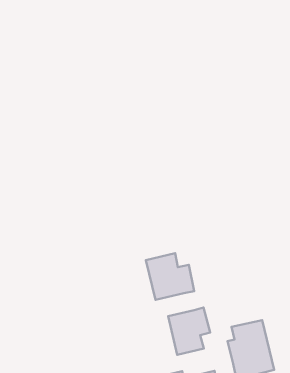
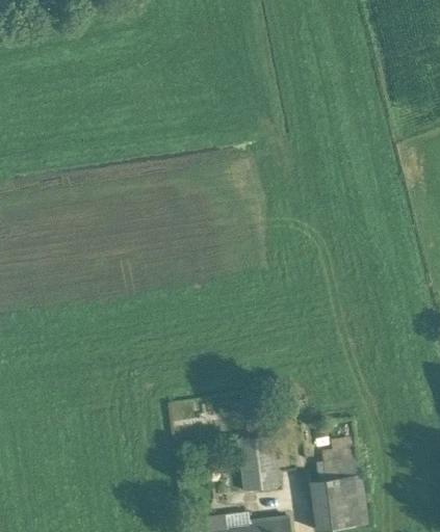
building: [146,253,194,300] -> none

